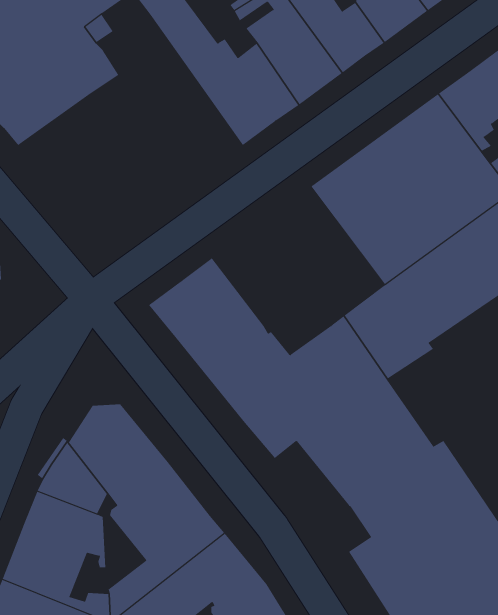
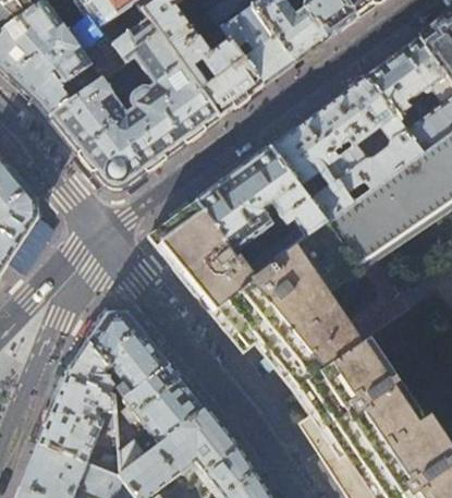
building: none -> [50,16,219,185]
building: none -> [196,145,326,250]

